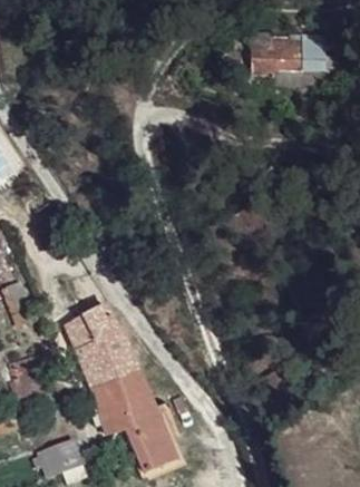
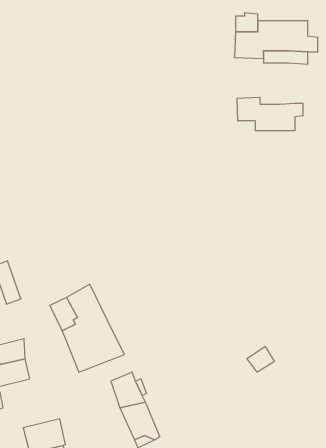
building: none -> [237,97,303,131]
building: [93,372,146,432] -> none

